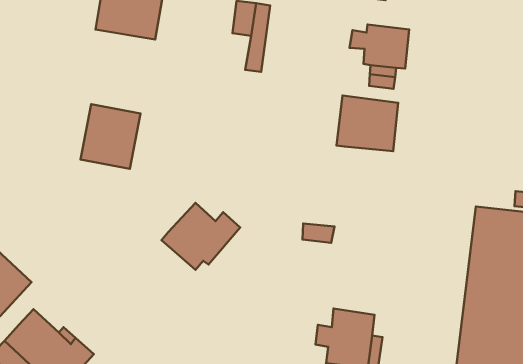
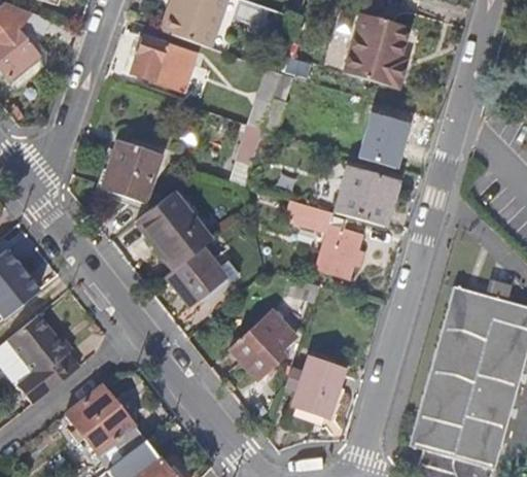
building: none -> [308,204,359,277]
building: none -> [133,190,206,265]
building: none -> [231,305,295,382]

